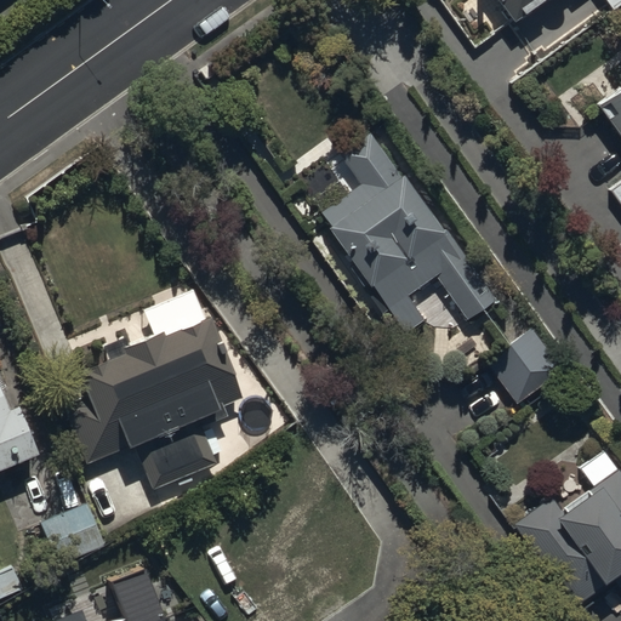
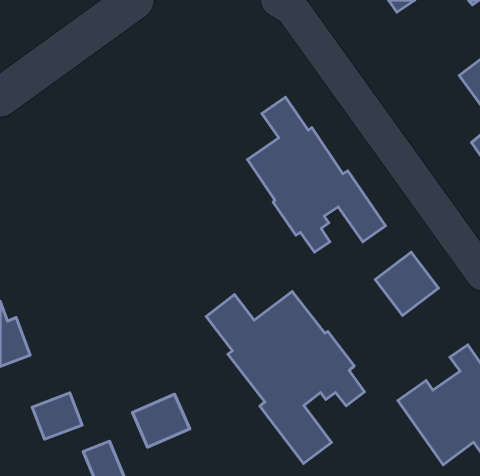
building: [63,313,243,488] -> none
building: none -> [206,291,365,464]
building: none -> [132,394,190,447]

